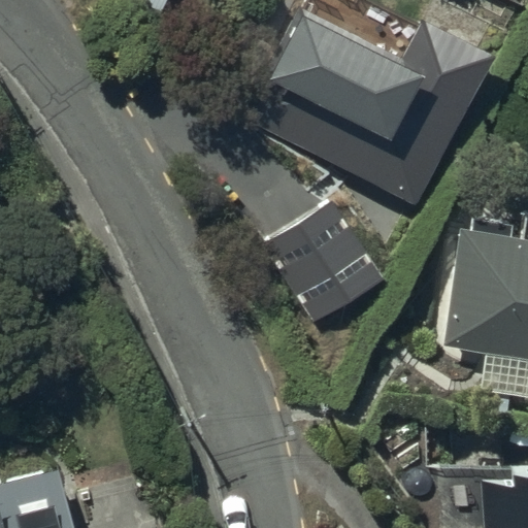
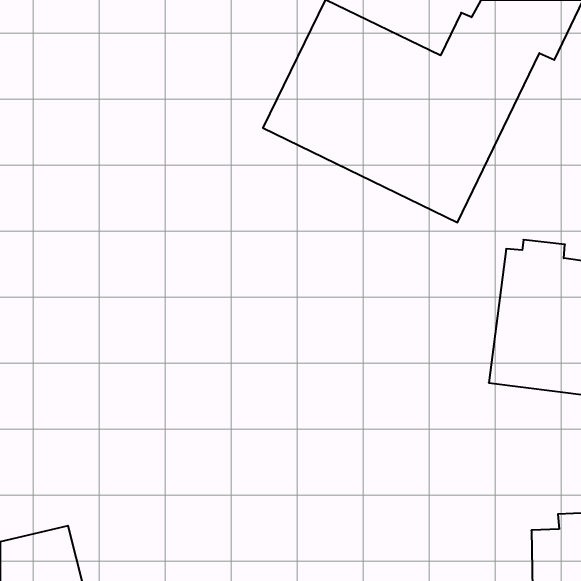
building: [266,203,387,330] -> none

